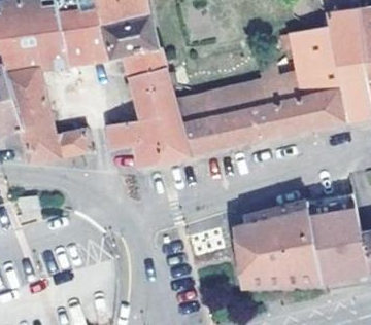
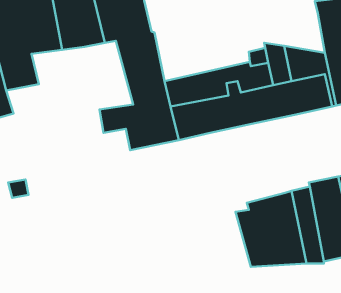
building: [279,28,336,68] -> none
building: [12,100,90,161] -> none

